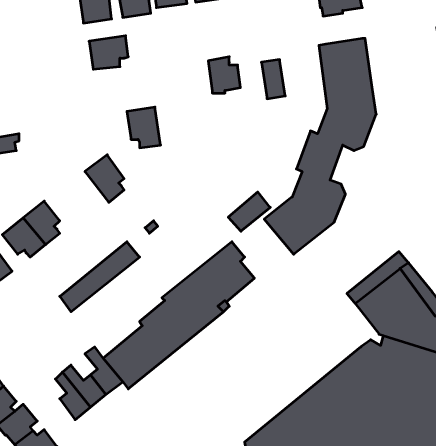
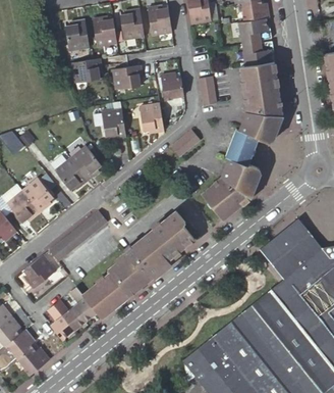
building: none -> [243,41,273,65]
building: none -> [113,66,143,92]
building: none -> [138,105,163,135]
building: none -> [56,158,88,189]
building: [228,192,270,231] -> [169,129,200,157]
building: none -> [24,256,55,289]

